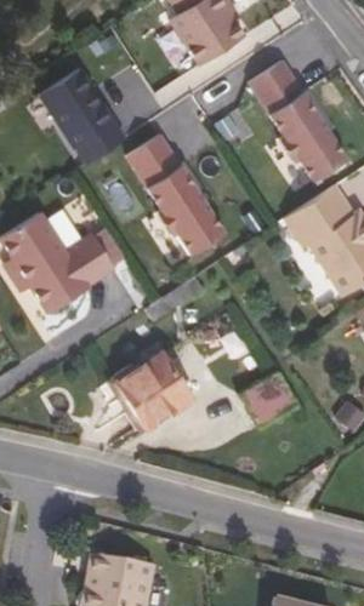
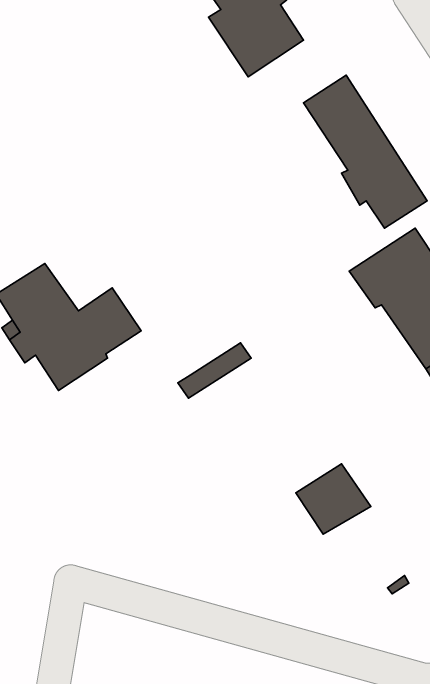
building: [41,68,126,162] -> none
building: [127,133,226,255] -> none
building: [107,353,192,430] -> none

